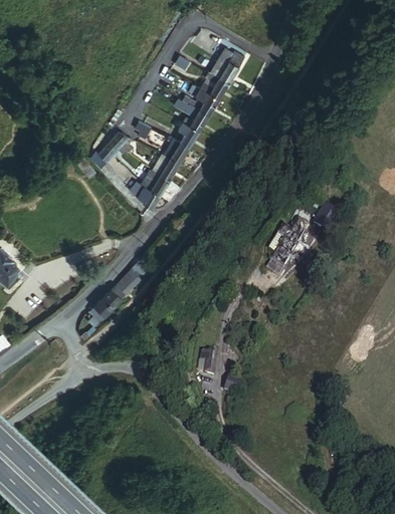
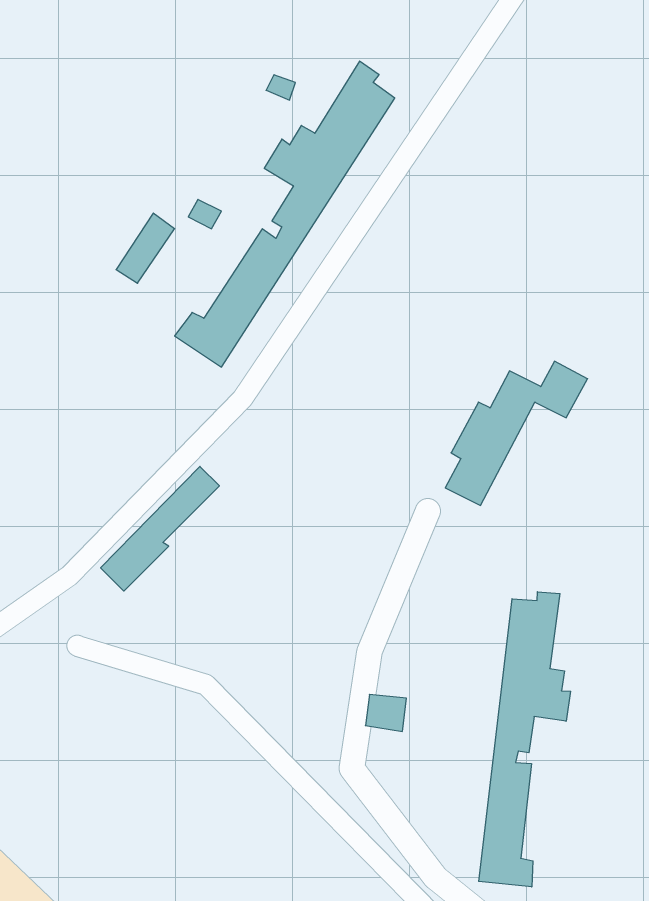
building: none -> [479,592,571,887]
building: [198,347,220,372] -> none

